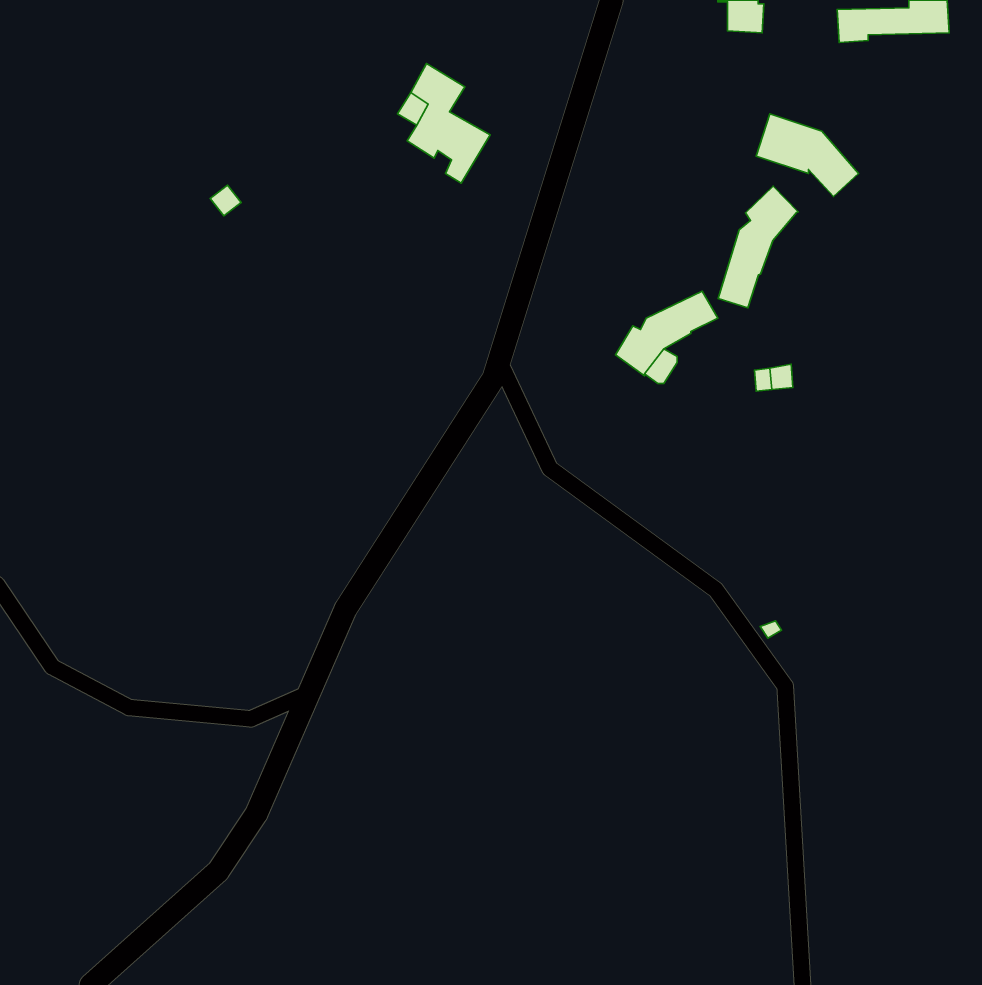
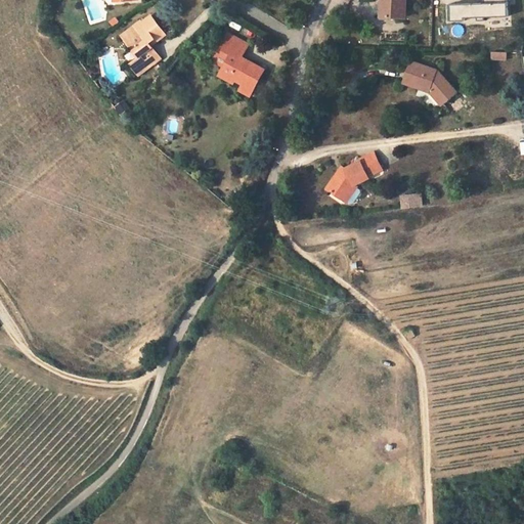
building: none -> [122,15,163,76]
building: [718,186,798,308] -> none

